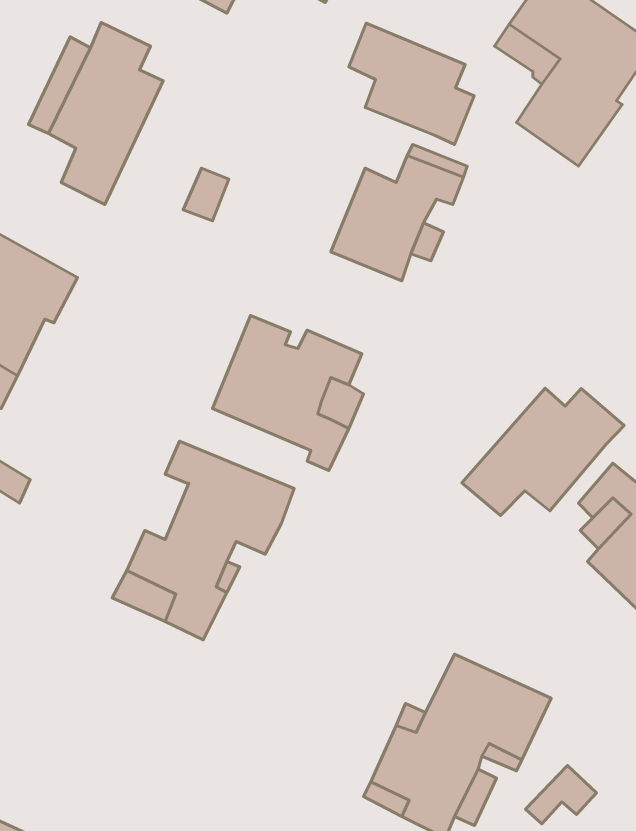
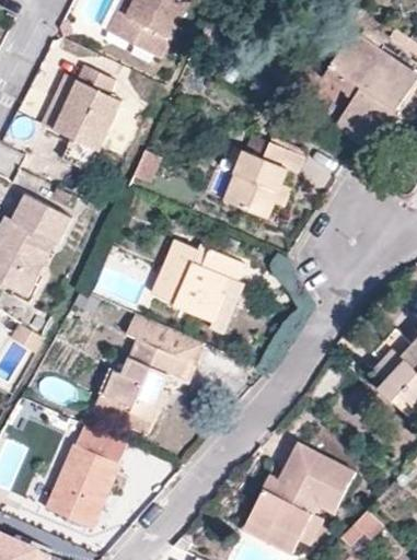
building: [349,23,474,144] -> none
building: [462,388,624,516] -> none
building: none -> [48,421,129,526]

